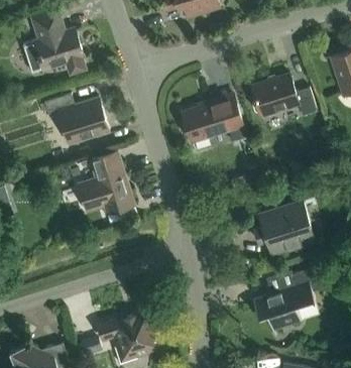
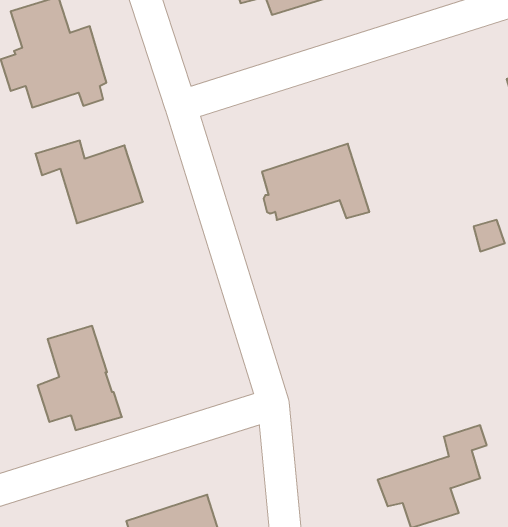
building: [251,76,317,117] -> none
building: [83,150,134,214] -> [38,326,122,430]
building: [254,202,314,253] -> none

